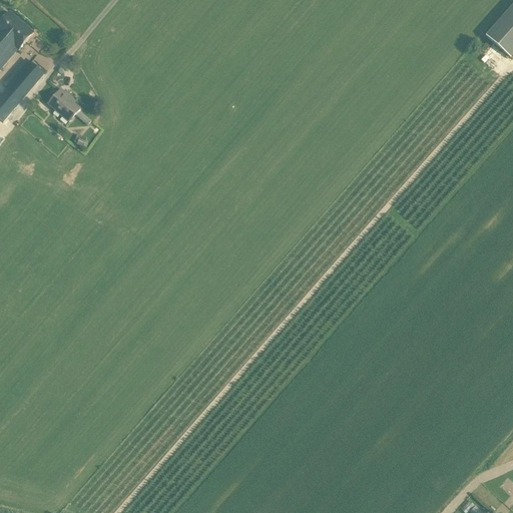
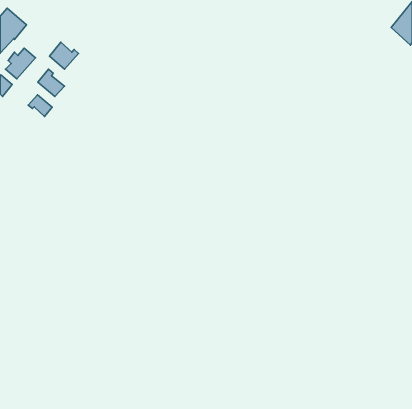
building: none -> [49,42,78,69]
building: none -> [28,95,52,116]

